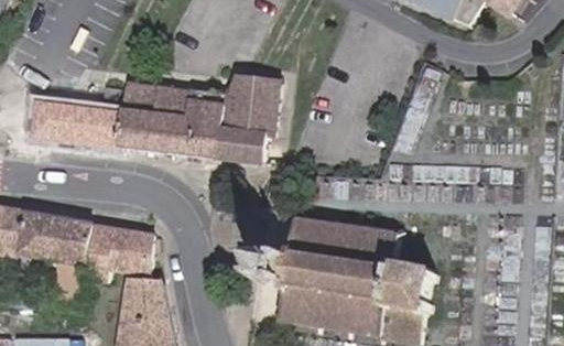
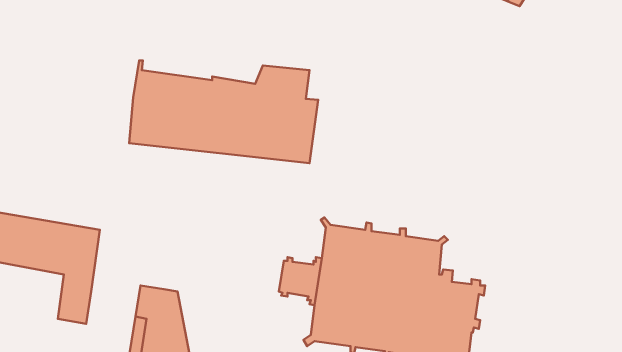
building: [32,96,121,145] -> none
building: [84,223,152,281] -> none

